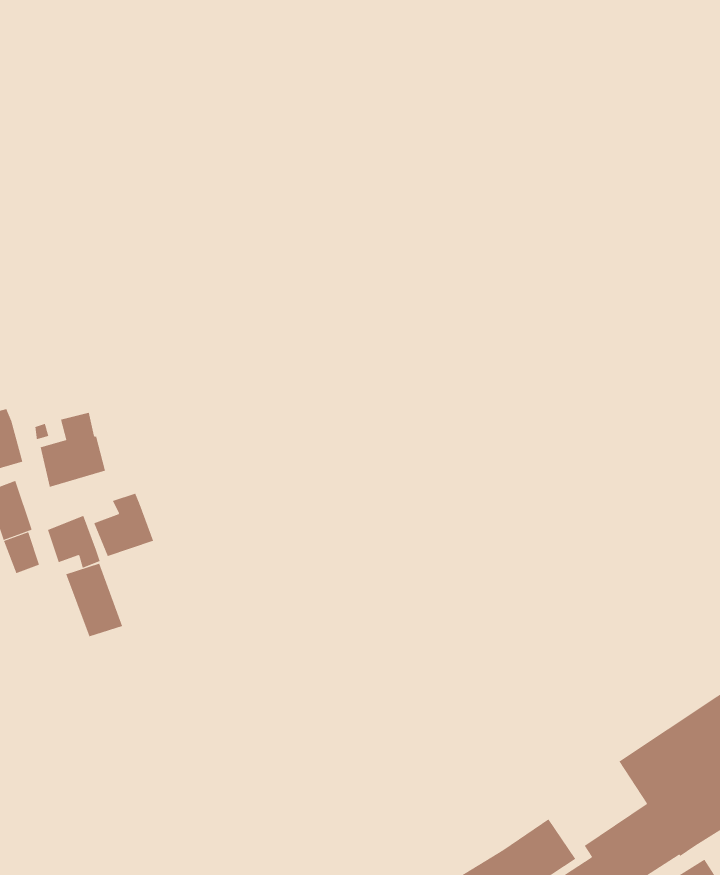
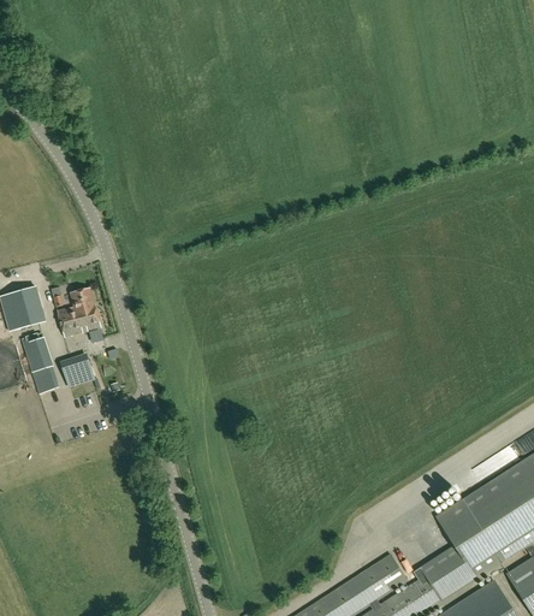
building: [93,493,154,557] -> none
building: [66,563,123,637] -> none

